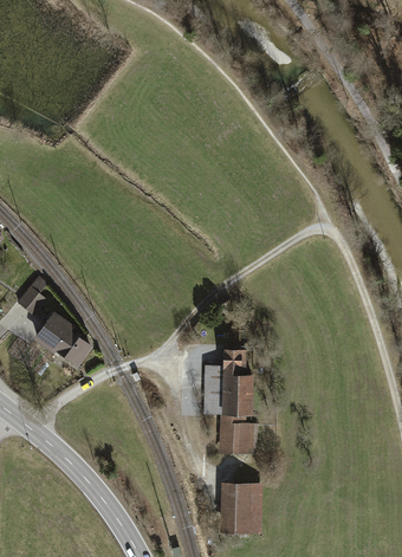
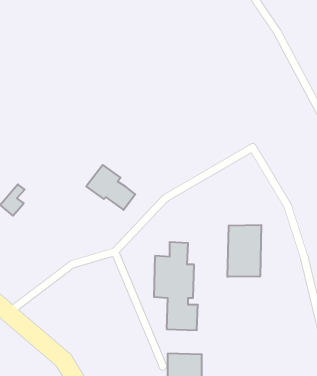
building: [32,310,91,364] -> [86,165,135,210]
building: none -> [228,225,261,277]

